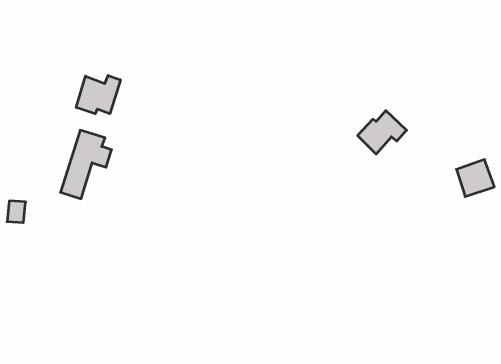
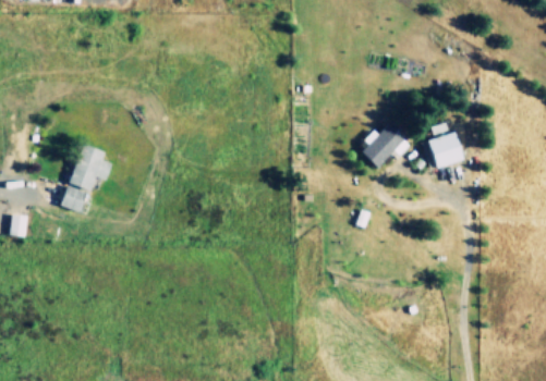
building: [76,75,120,114] -> none
building: [456,160,494,197] -> [427,132,465,169]

